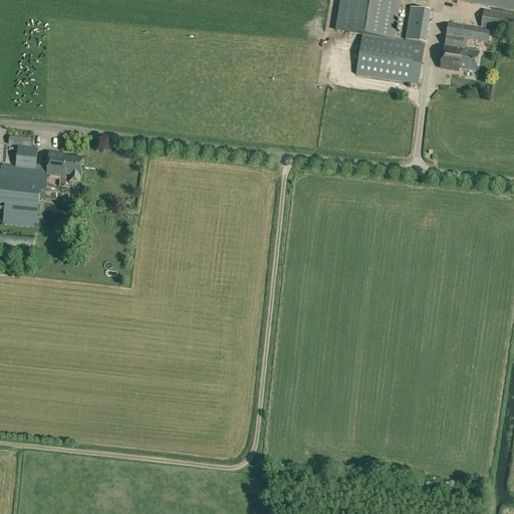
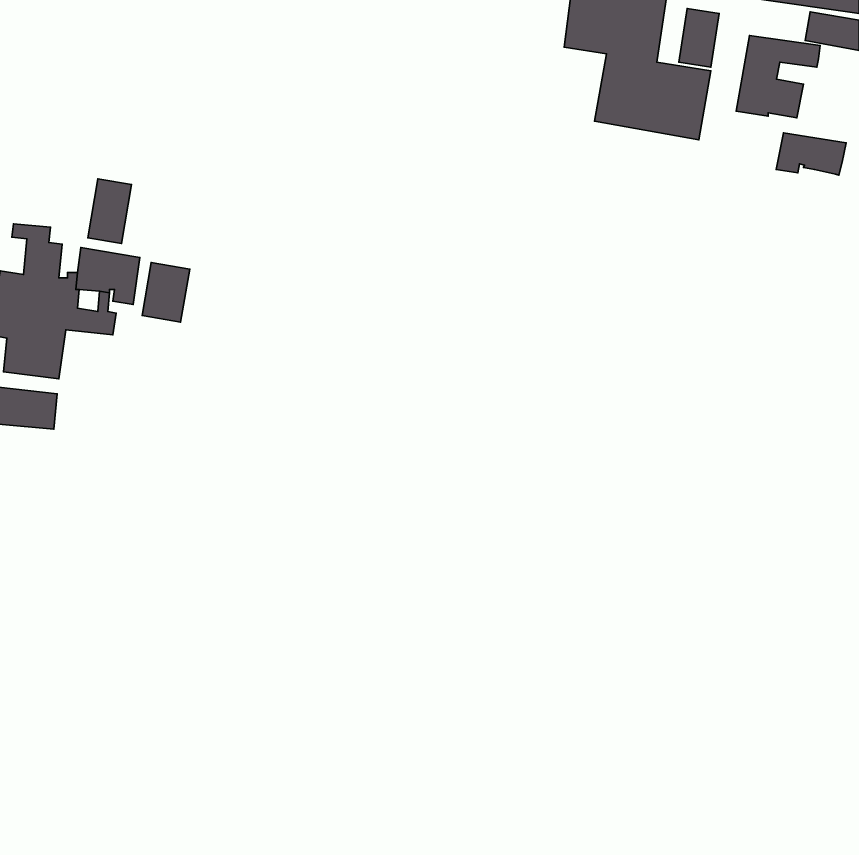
building: none -> [776,133,846,175]
building: none -> [88,179,132,244]
building: none -> [142,263,190,322]

